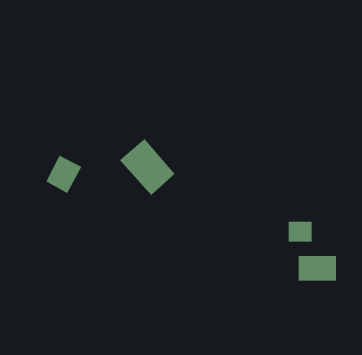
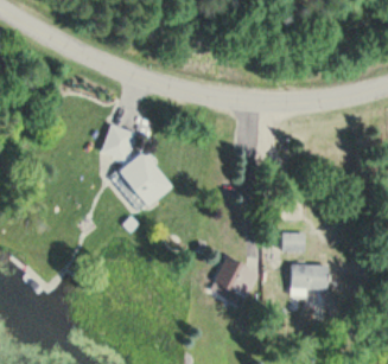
building: [46,155,82,194] -> [101,124,136,162]
building: none -> [214,256,260,298]

